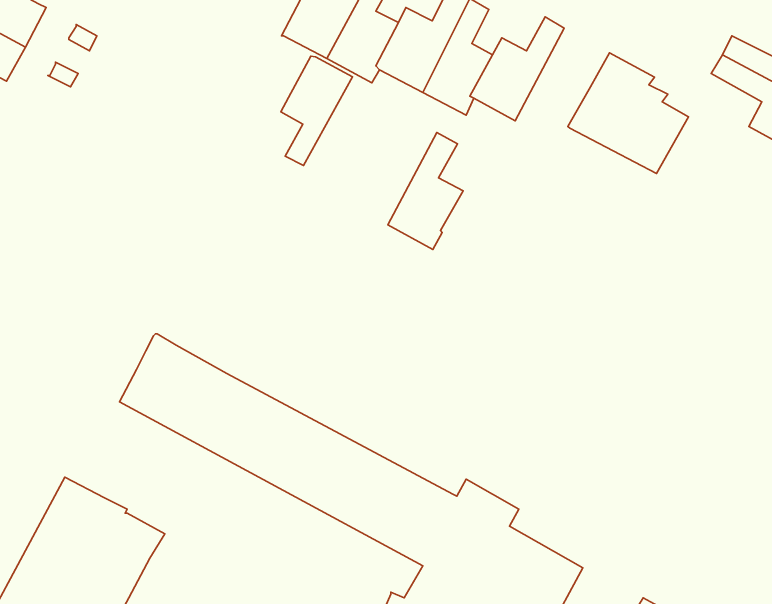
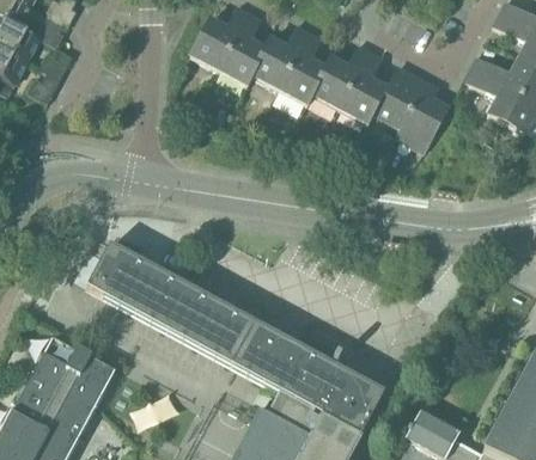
building: [281,56,353,165] -> none
building: [388,132,463,249] -> [339,50,386,124]

